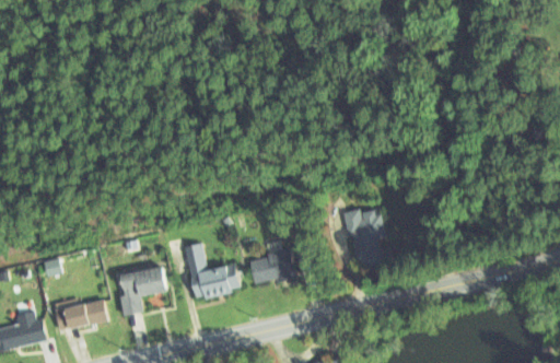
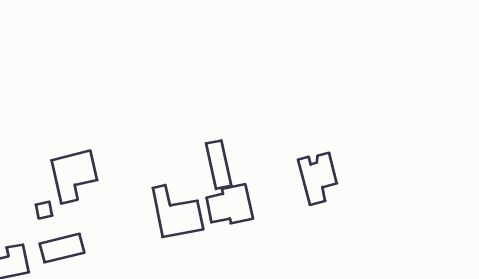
building: none -> [206,140,231,189]
building: [115,259,166,318] -> [51,151,97,203]

